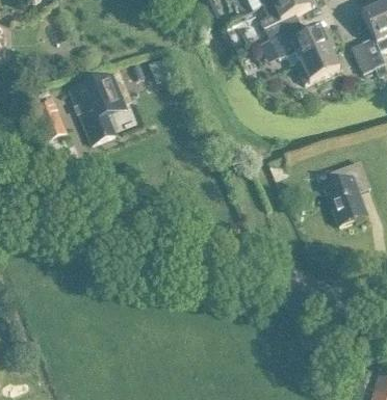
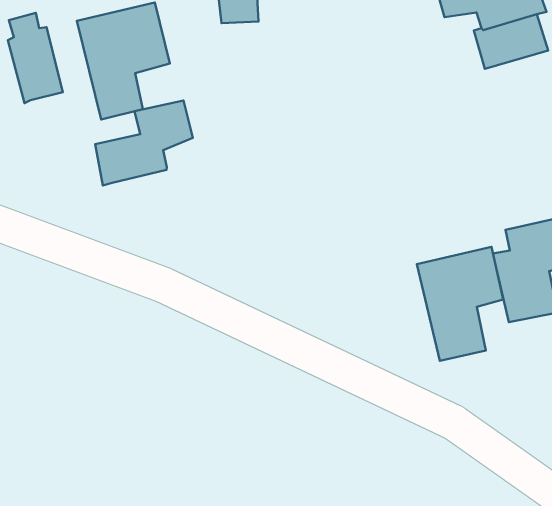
building: none -> [95,101,193,185]
building: none -> [417,247,503,361]

